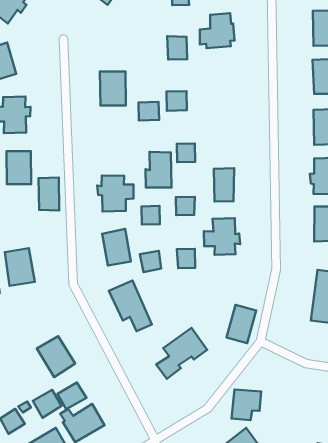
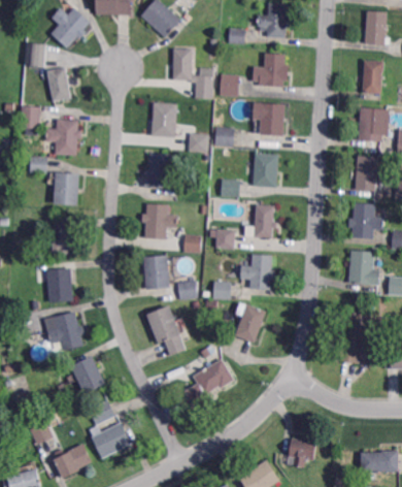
building: none -> [171,50,211,99]
building: none -> [252,103,283,137]
building: none -> [253,152,279,188]
building: [146,152,171,187] -> [143,152,170,188]
building: [39,177,59,210] -> [52,222,73,255]
building: none -> [42,312,83,352]
building: [226,305,256,343] -> [235,303,266,342]
building: [231,389,261,420] -> [287,436,317,467]
building: [33,390,61,418] -> none

